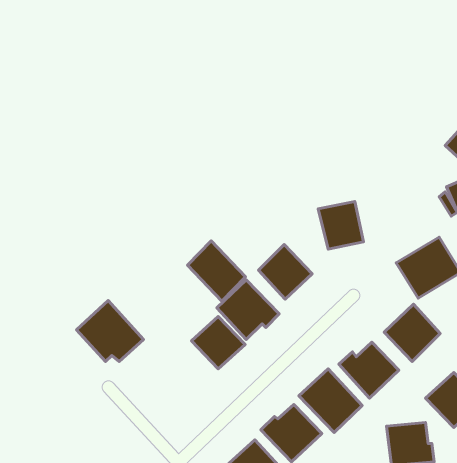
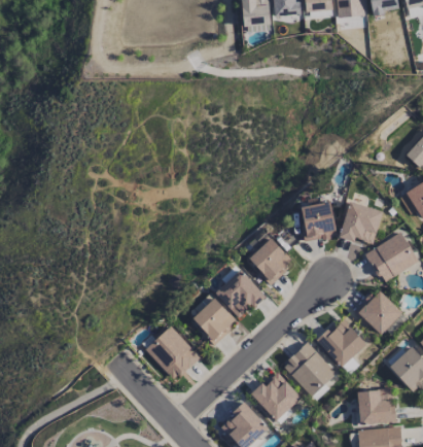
building: none -> [340,201,383,243]
building: [187,241,245,301] -> none
building: [76,300,143,362] -> [144,324,201,376]

